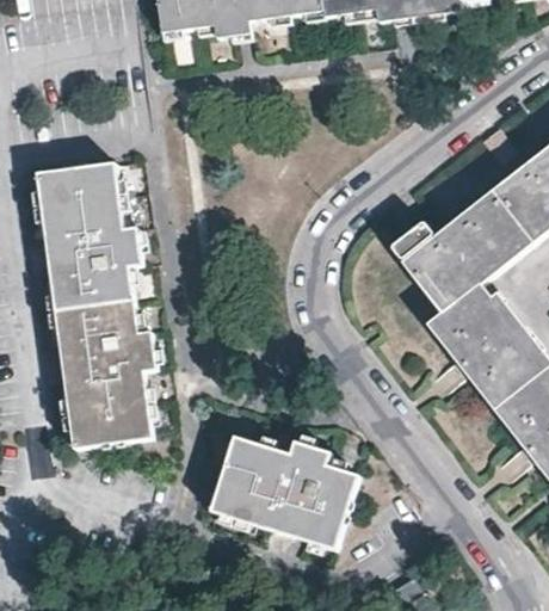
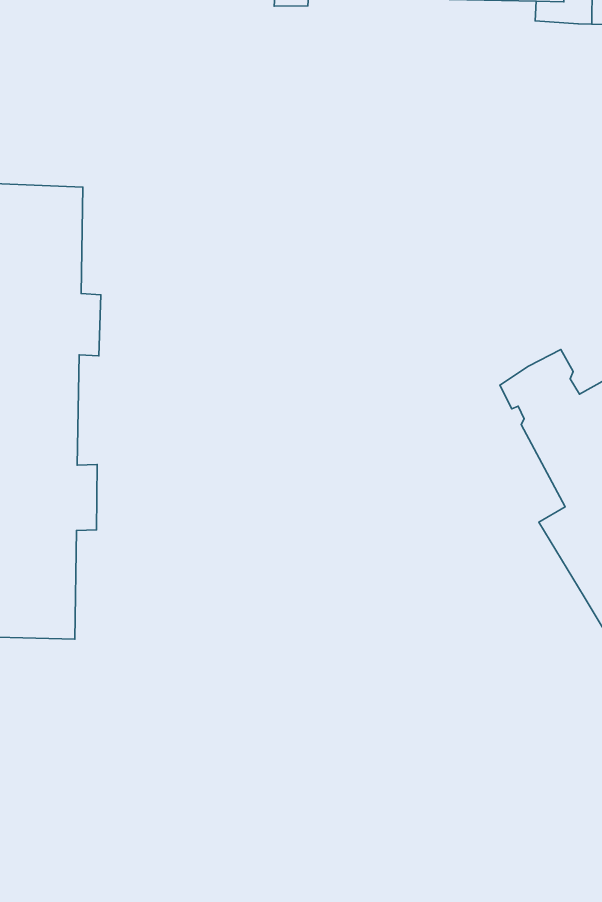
building: [209,436,356,548] -> none

